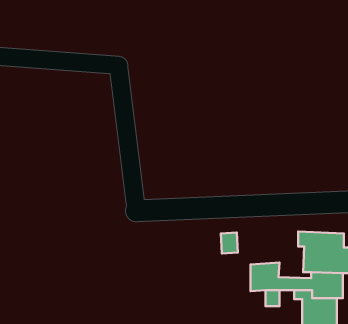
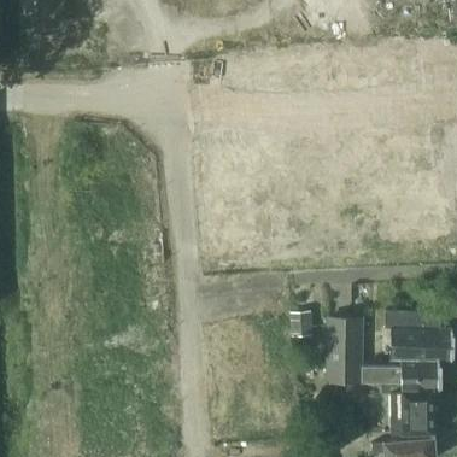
building: none -> [328,321,363,352]

